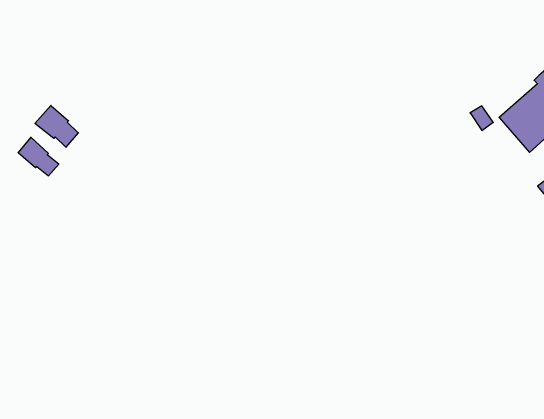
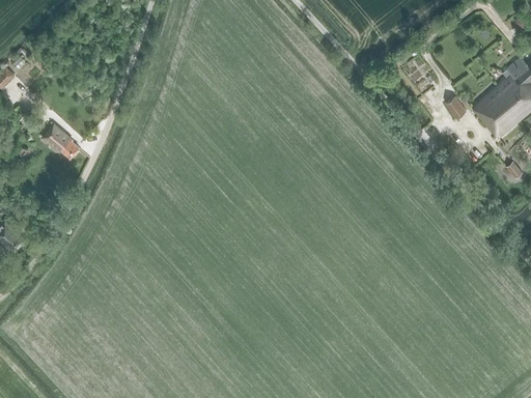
building: [35,105,78,147] -> none

